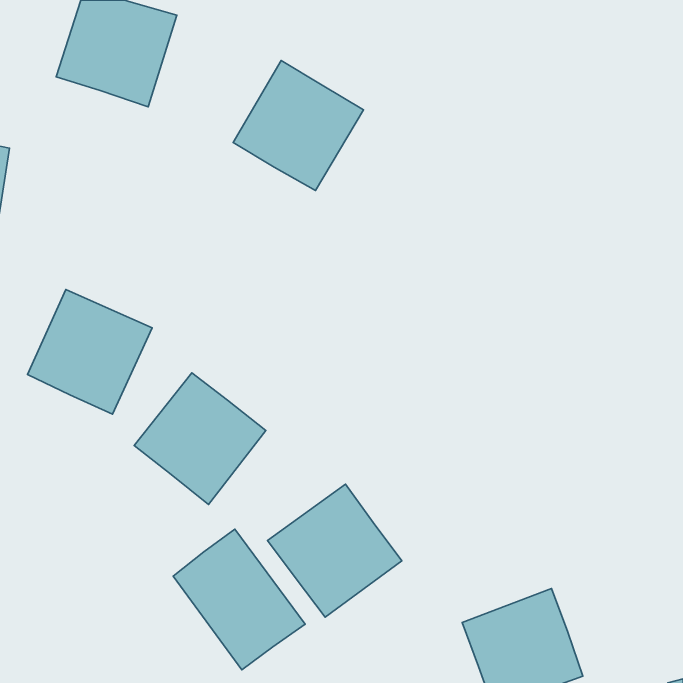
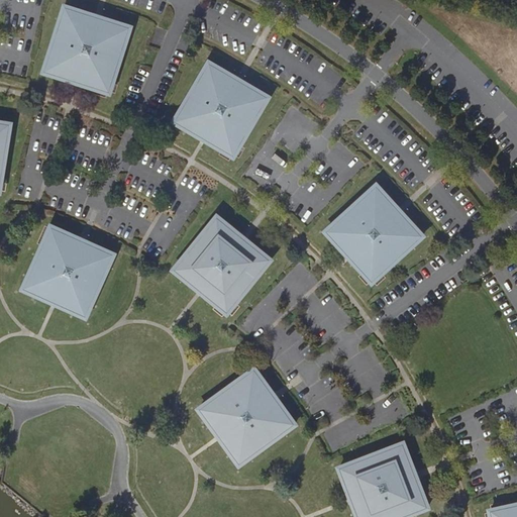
building: none -> [326,185,424,284]
building: [134,373,266,505] -> [174,217,271,314]
building: [173,529,305,670] -> none

